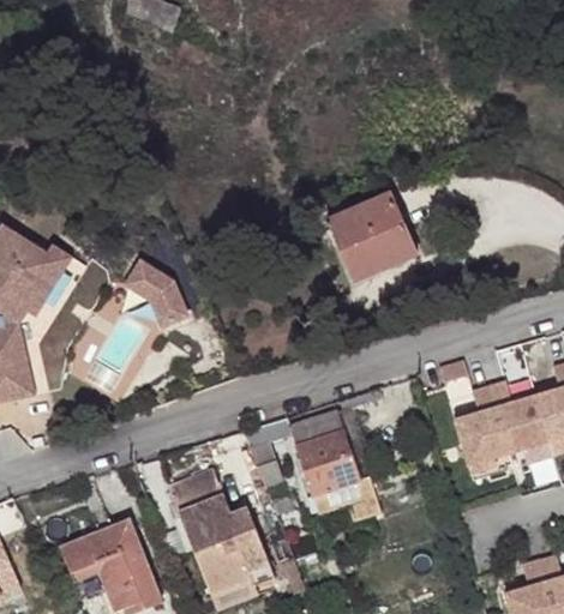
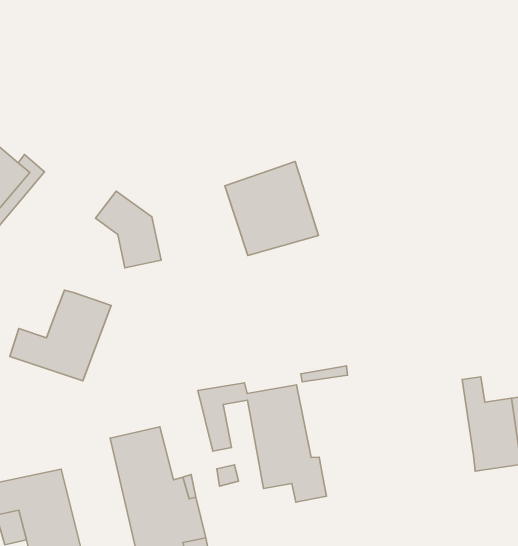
building: [325,183,418,276] -> [225,162,319,255]
building: none -> [10,290,111,381]
building: [452,386,505,465] -> none

